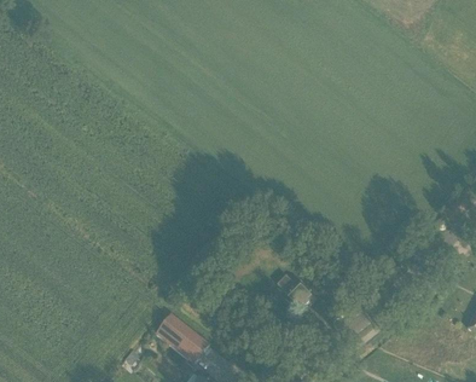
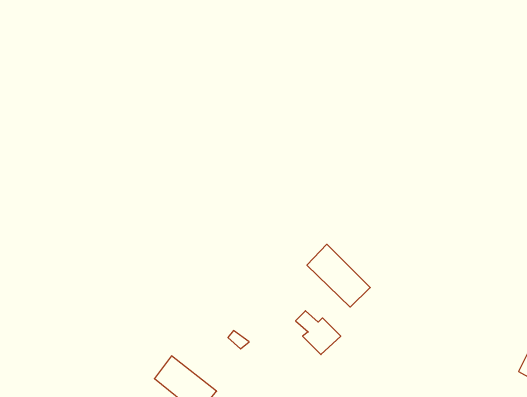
building: none -> [307,244,370,307]

